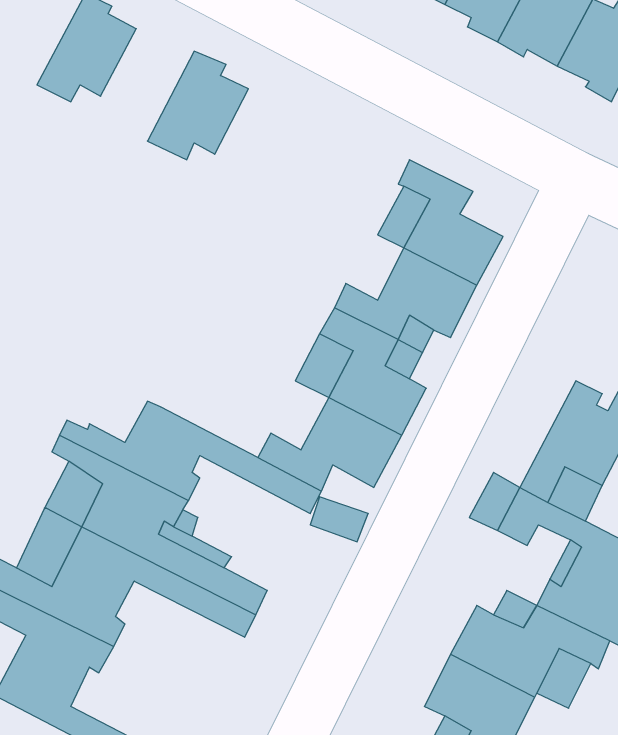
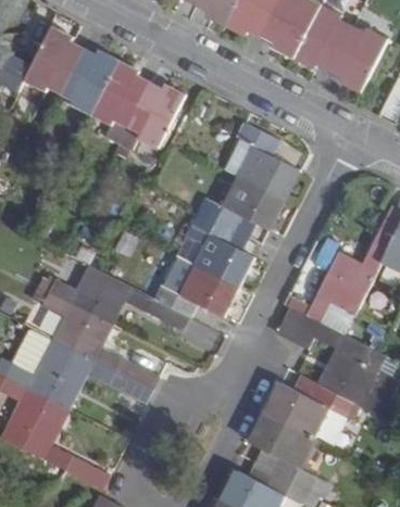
building: none -> [57,49,116,114]
building: none -> [128,84,184,148]

